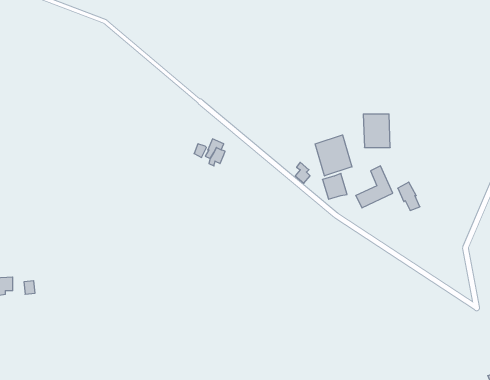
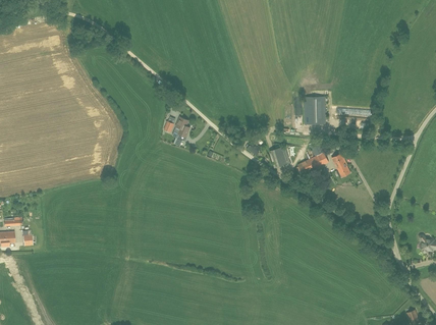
building: [315,135,352,176] -> none

